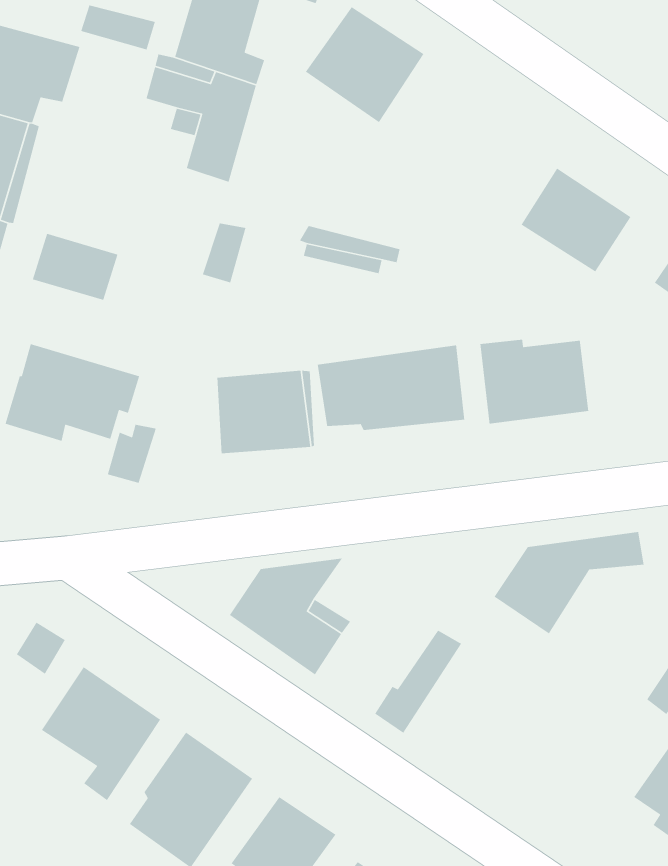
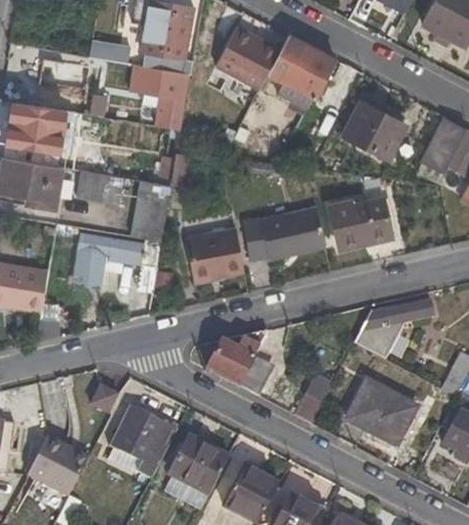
building: none -> [260,34,334,109]
building: none -> [131,179,171,242]
building: none -> [346,379,417,445]

